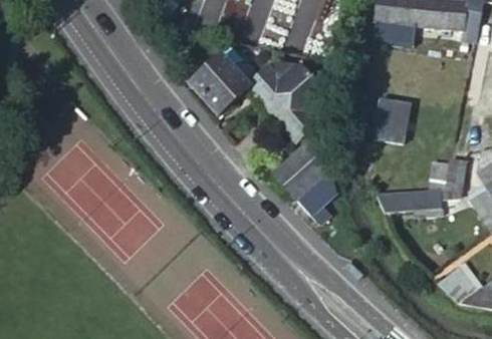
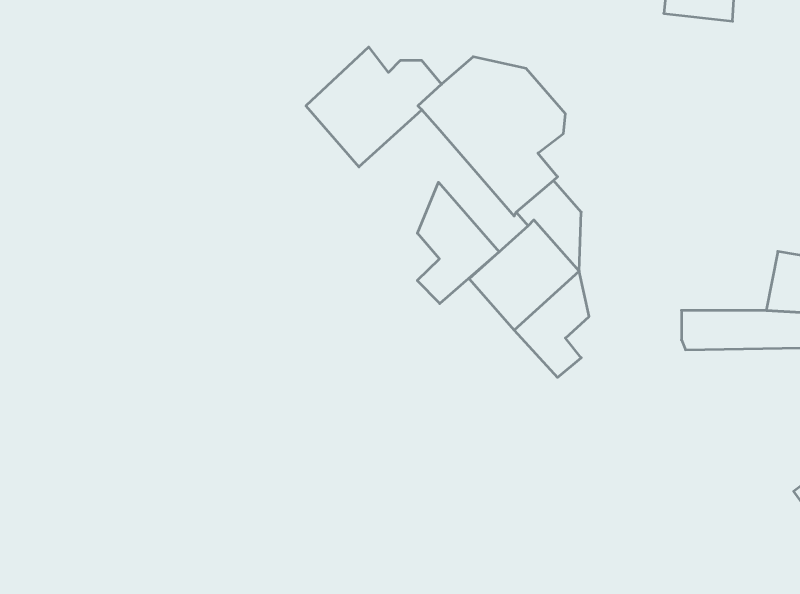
building: [371,98,408,140] -> none
building: none -> [417,182,499,304]

